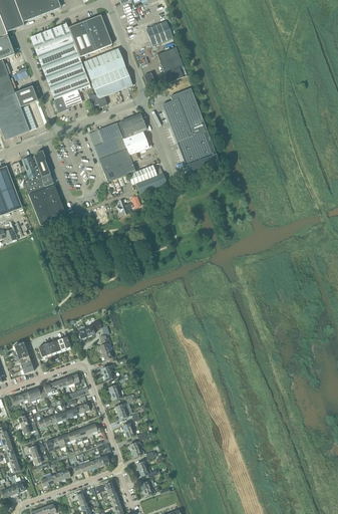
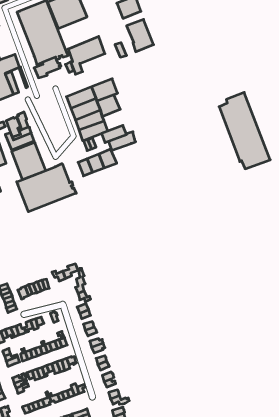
building: [82,47,124,79] -> none
building: [161,87,219,173] -> [219,92,270,169]
building: none -> [17,164,76,212]

